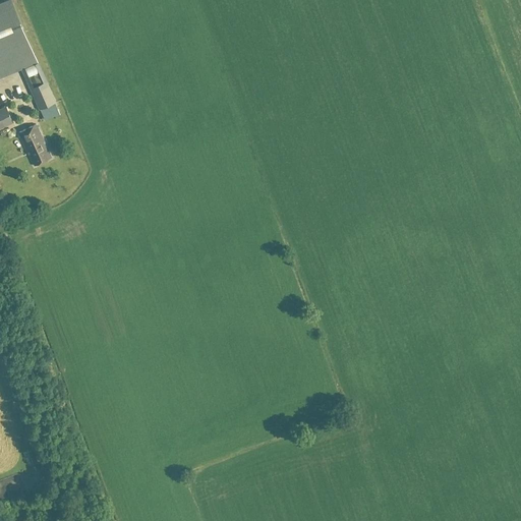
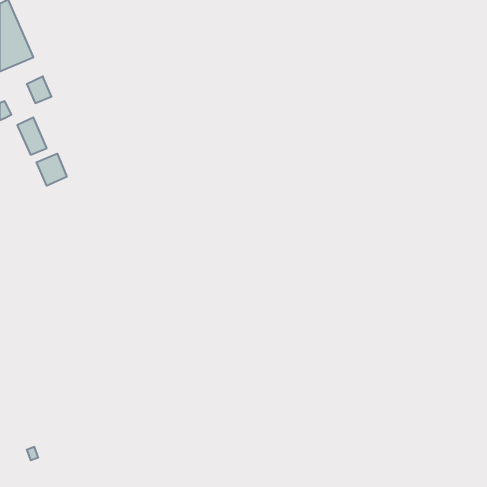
building: none -> [36,154,67,186]

